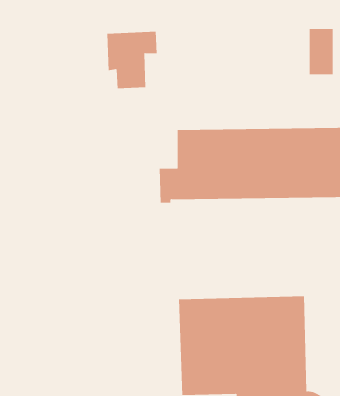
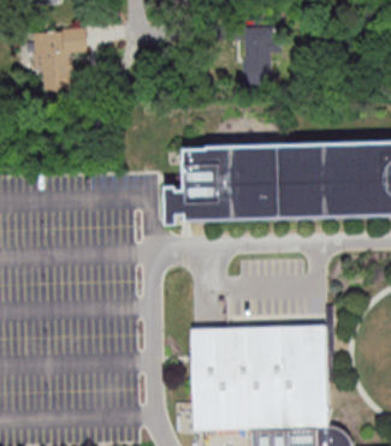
building: [309,28,334,75] -> [245,34,272,83]
building: [107,31,158,89] -> [35,29,89,90]

